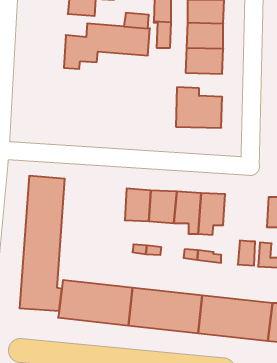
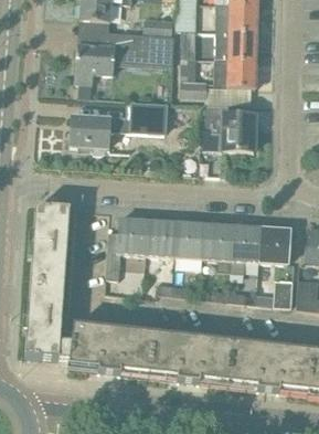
building: none -> [179,59,203,97]
building: none -> [70,104,167,148]
building: none -> [106,219,146,279]
building: none -> [256,226,290,264]

